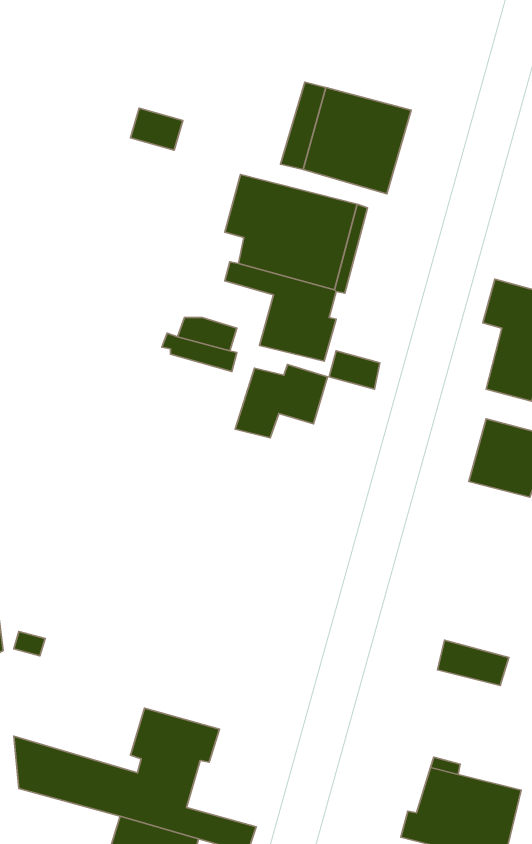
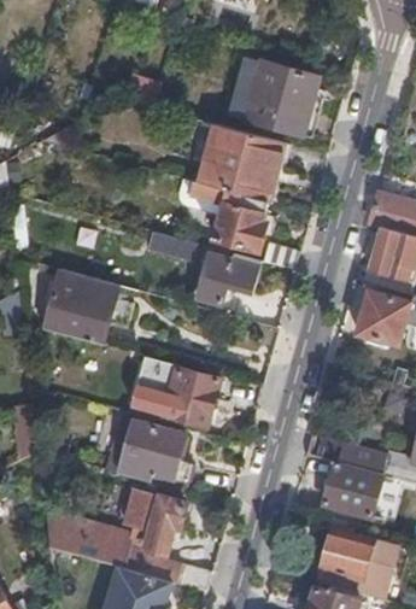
building: none -> [41,269,131,344]
building: none -> [148,368,218,427]
building: none -> [118,421,191,491]
building: none -> [323,463,383,517]

